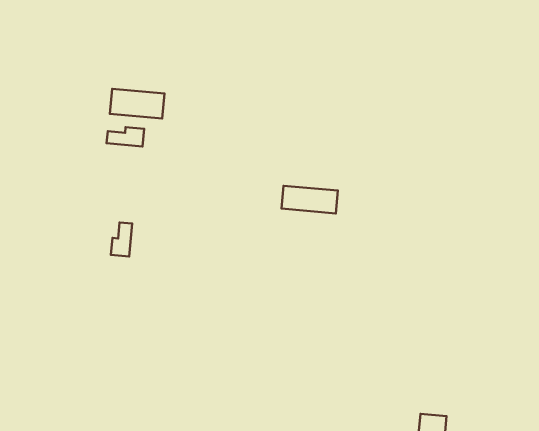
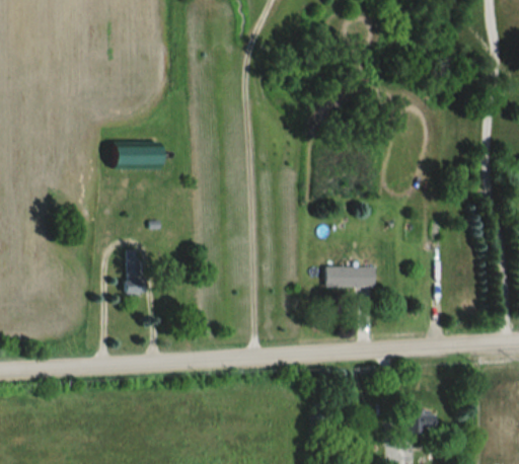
building: [107,127,144,147] -> none
building: [281,186,338,213] -> [327,267,376,288]

